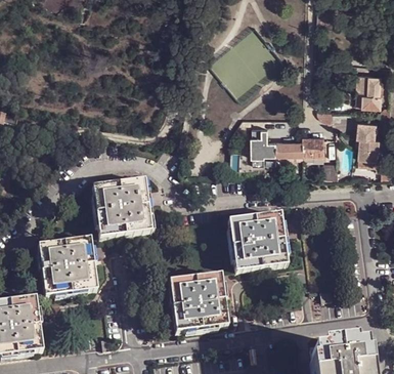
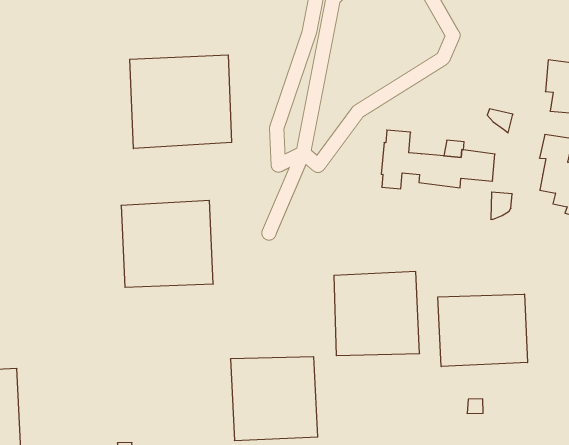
building: none -> [130,55,232,149]
building: none -> [438,294,527,367]
building: [37,238,96,298] -> none

